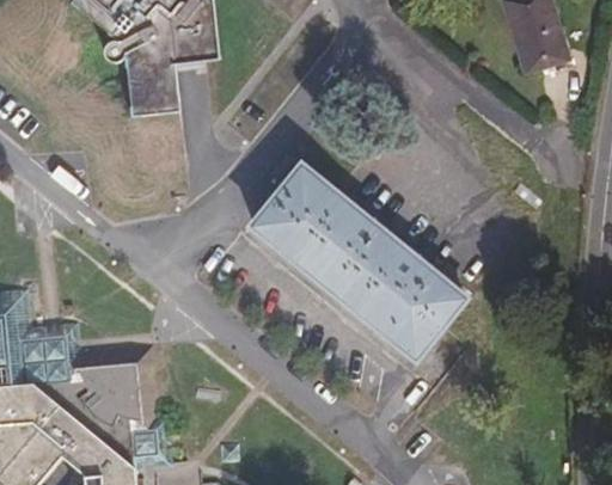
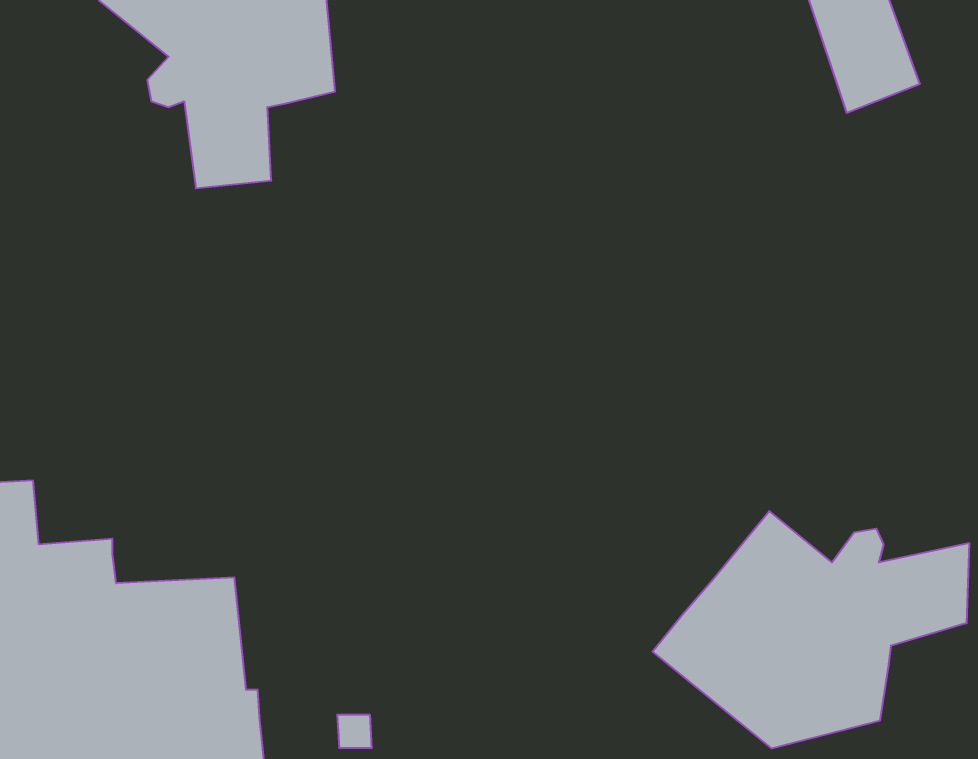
building: [233,152,460,358] -> none
building: none -> [653,511,969,748]

